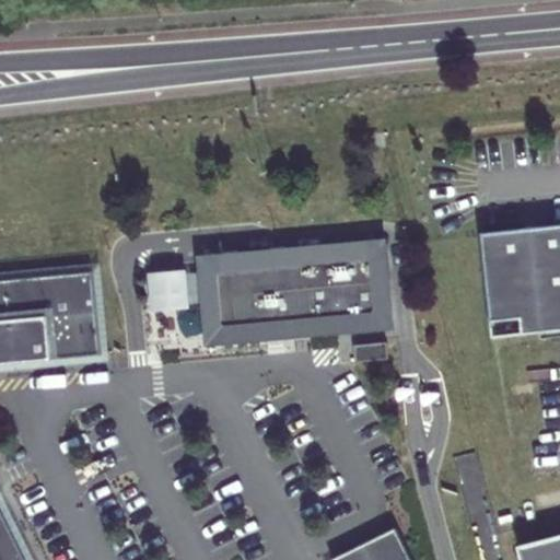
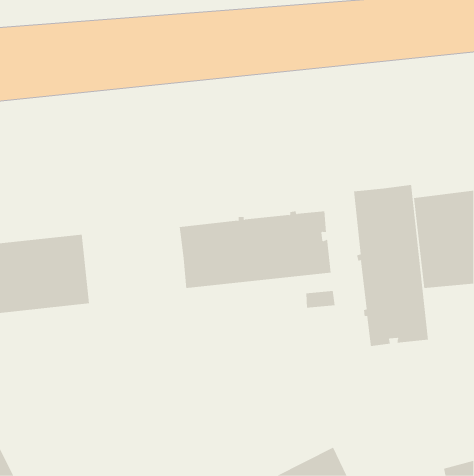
building: none -> [353,184,429,347]
building: [154,273,213,311] -> none

